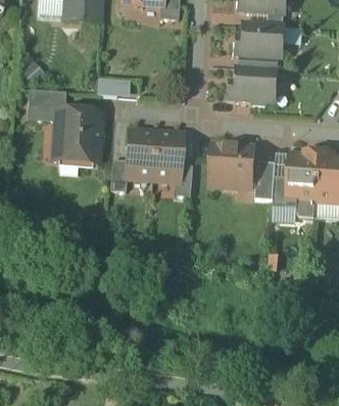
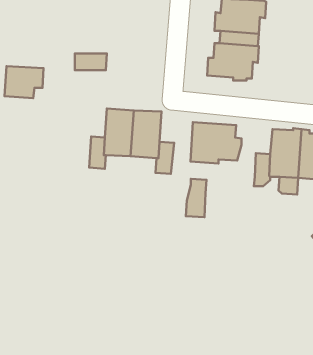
building: [54,111,101,165] -> none
building: [255,162,276,199] -> [186,179,206,217]

